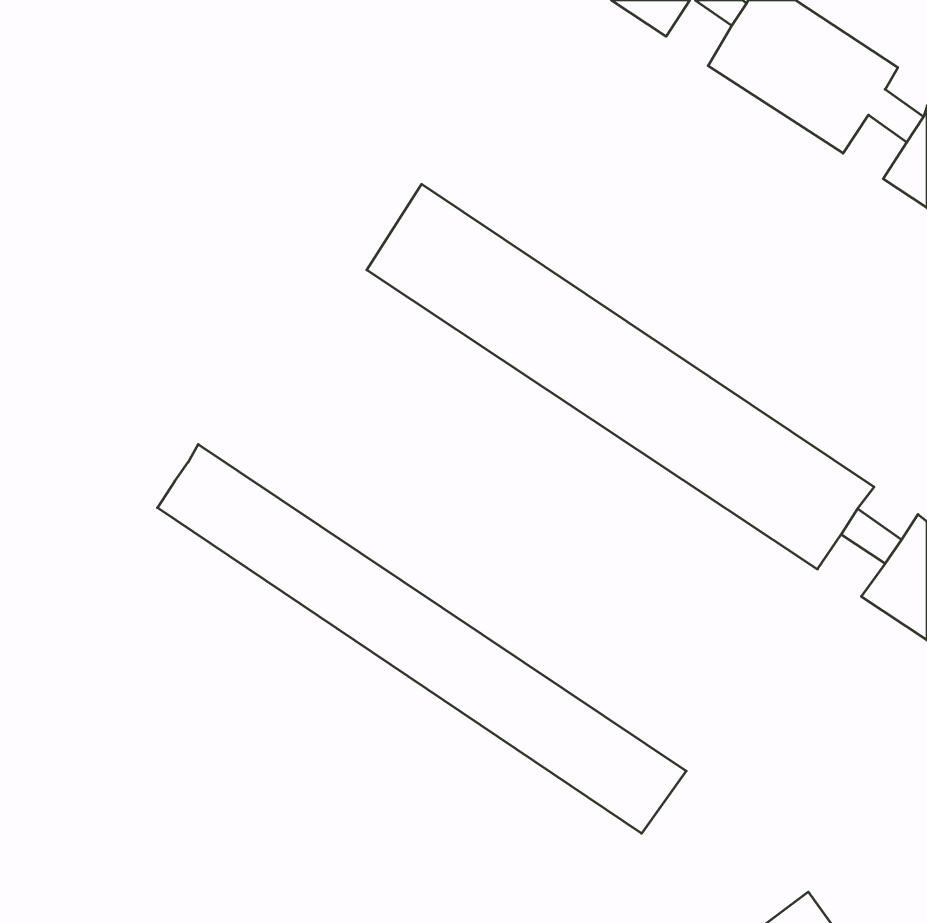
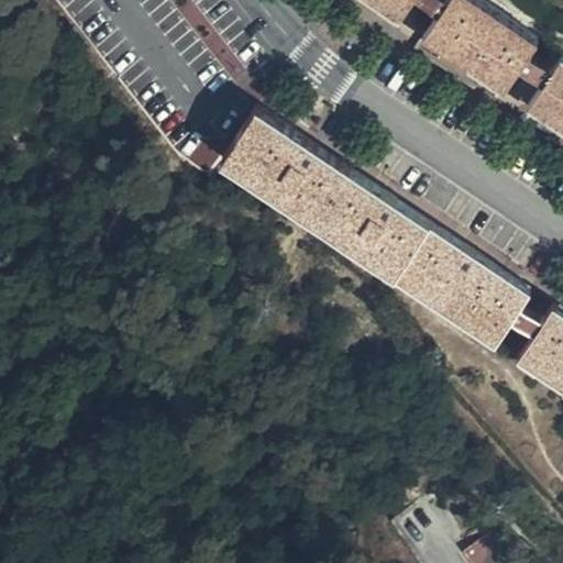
building: [157,444,686,833] -> none

